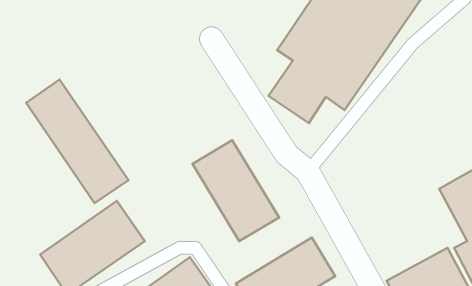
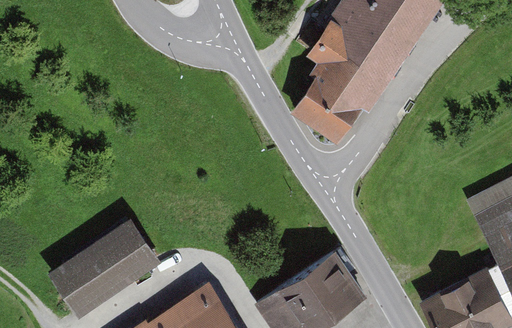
building: [26,79,129,203] -> none
building: [192,140,279,241] -> none

